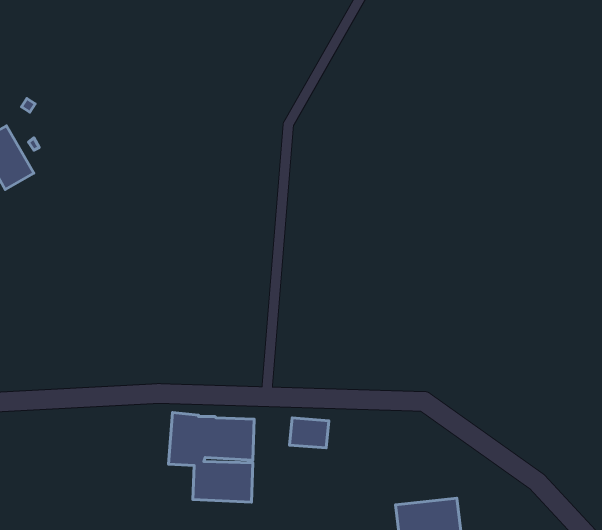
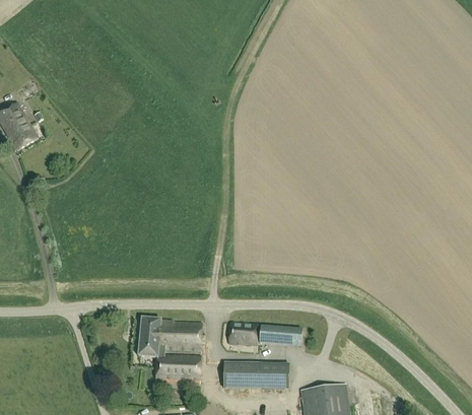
building: none -> [256,326,298,345]
building: none -> [220,361,285,388]

